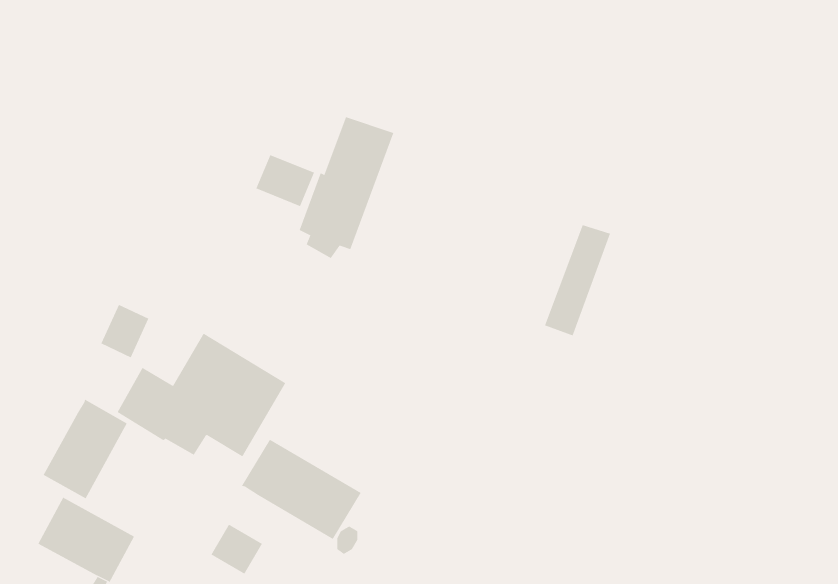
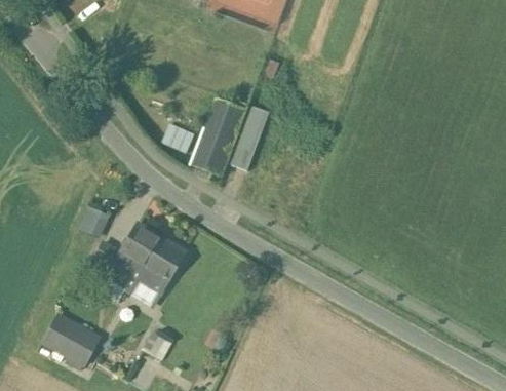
building: [544,224,611,336] -> [232,106,270,169]
building: [43,399,128,499] -> none
building: [241,439,361,540] -> none

